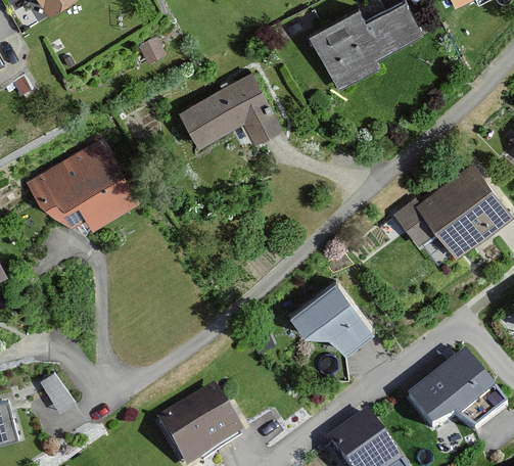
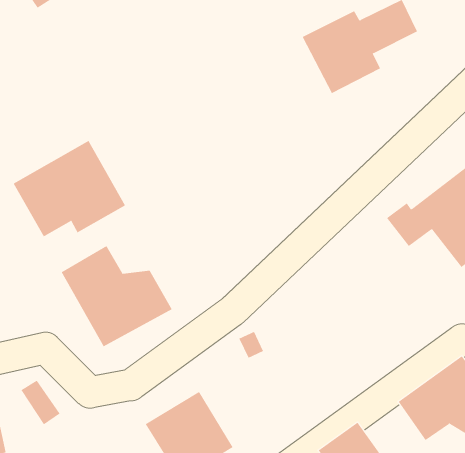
building: [177,71,285,148] -> none
building: none -> [61,245,172,347]
building: [288,277,371,346] -> none

